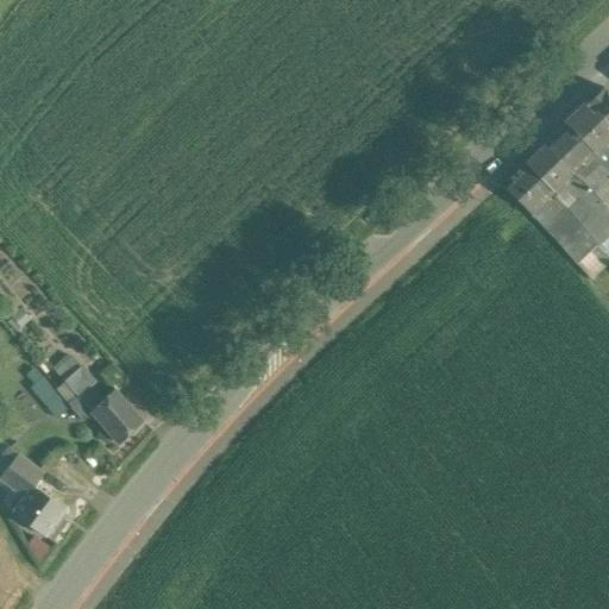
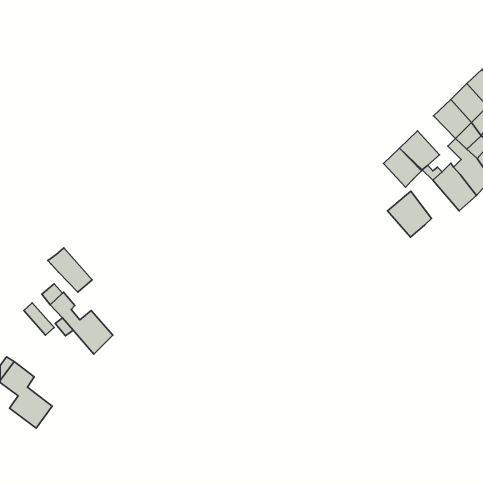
building: [526,145,573,194] -> [384,148,421,187]
building: none -> [387,191,431,237]
building: none -> [48,248,92,292]

